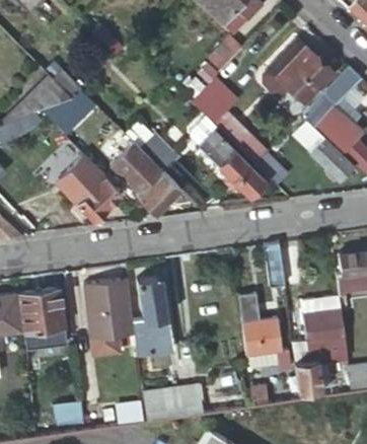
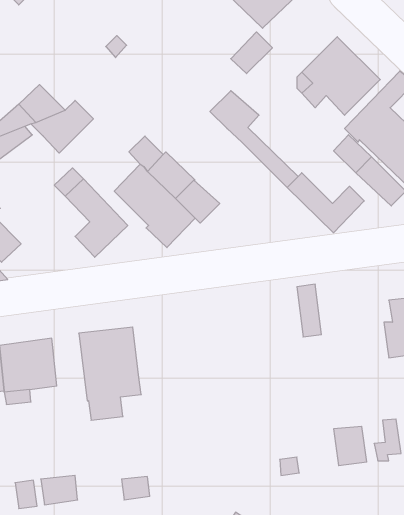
building: [191,115,266,195] -> none
building: [133,276,171,356] -> none
building: [238,292,291,369] -> none
building: [301,297,345,348] -> none
building: [143,385,200,415] -> none

